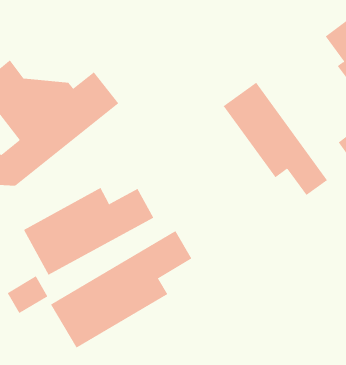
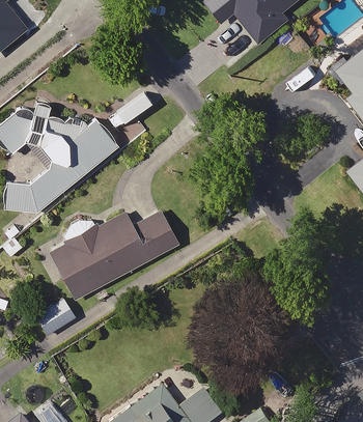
building: [223,82,328,196] -> none
building: [50,230,192,349] -> none

